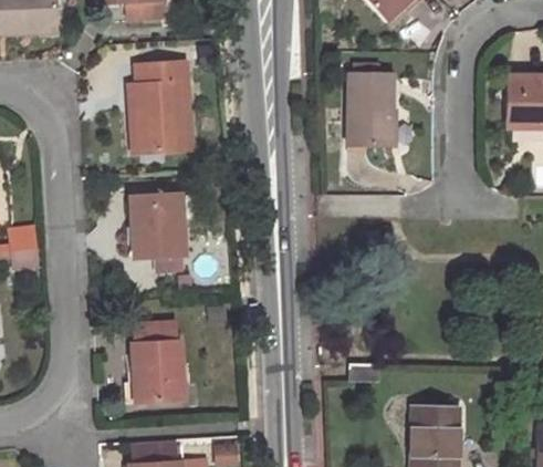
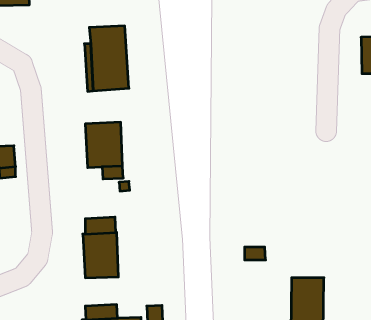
building: [347,73,393,144] -> none

